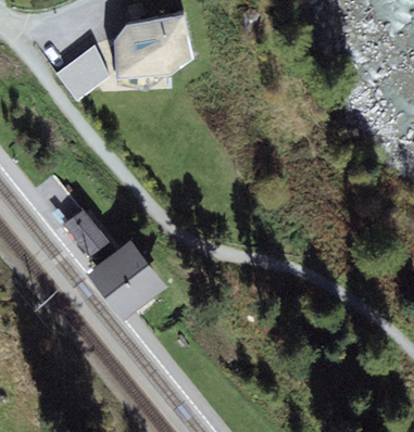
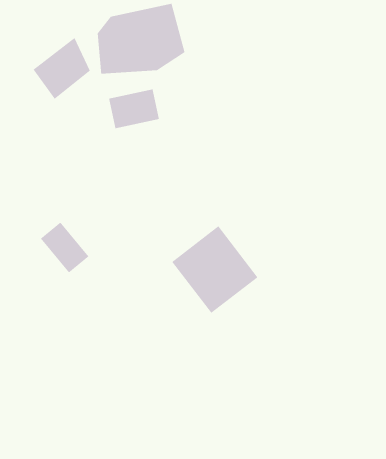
building: none -> [108,88,160,129]
building: [88,240,166,319] -> [171,225,258,314]

